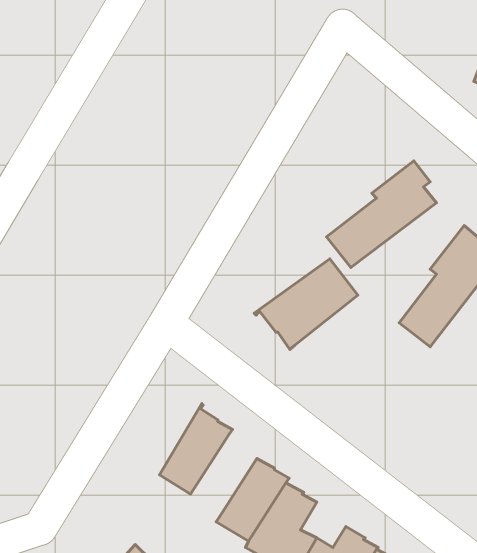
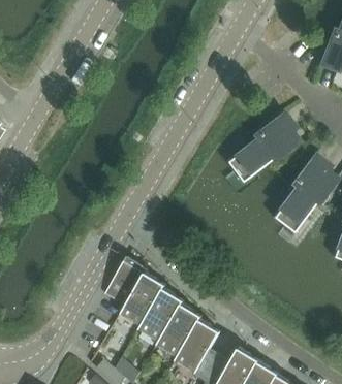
building: [254,259,358,349] -> none
building: none -> [104,257,147,315]
building: none -> [138,289,184,342]

